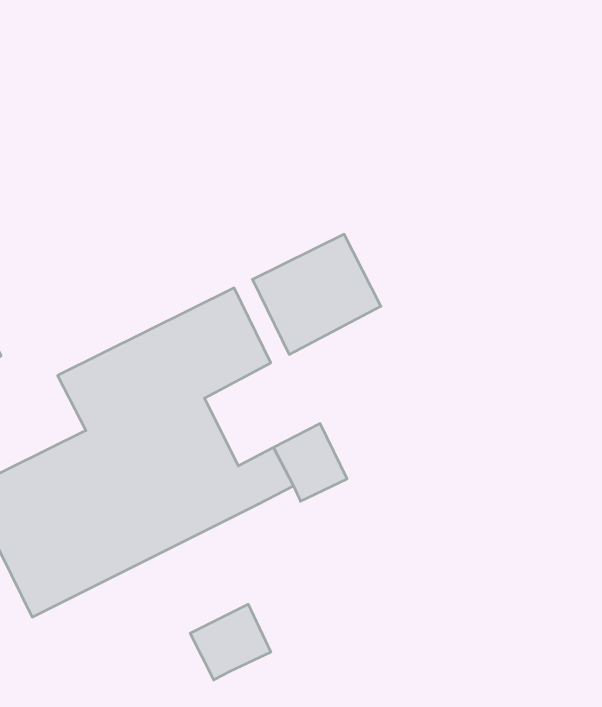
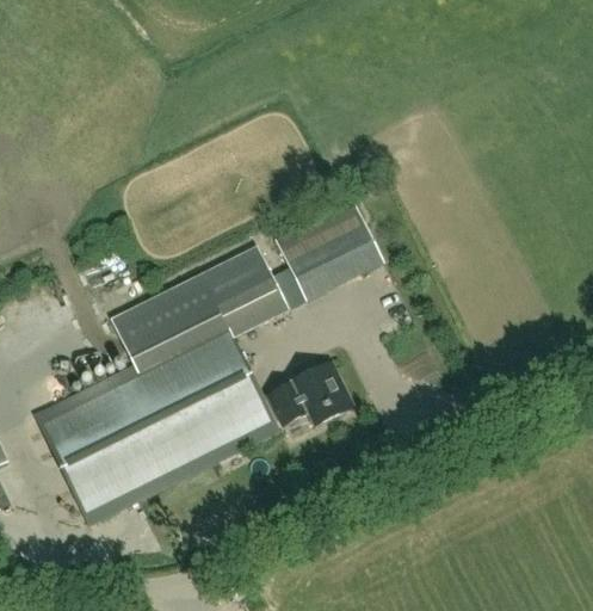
building: [190,604,271,680] -> none

